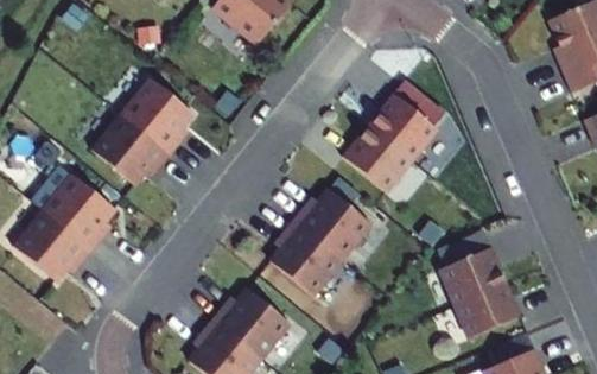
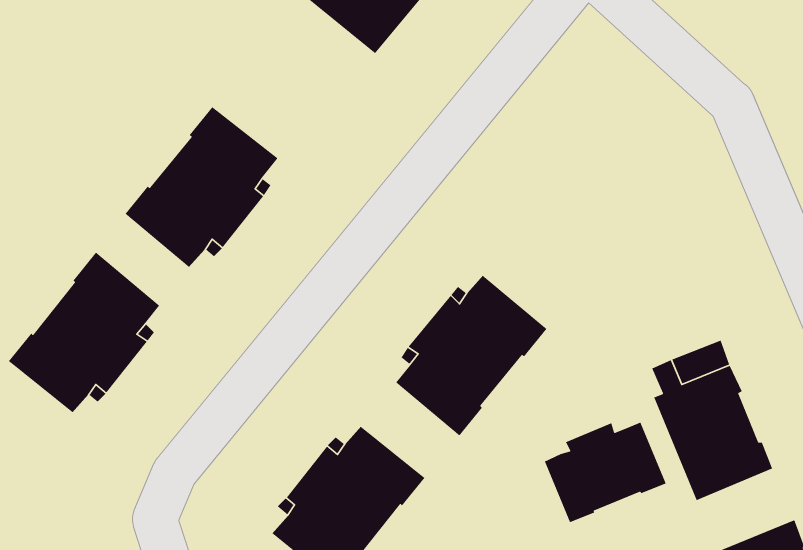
building: [341,93,436,191] -> none
building: none -> [544,422,667,523]

